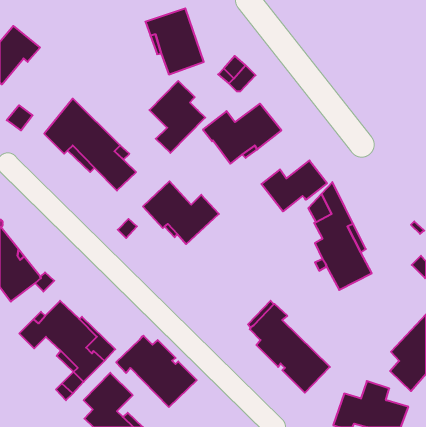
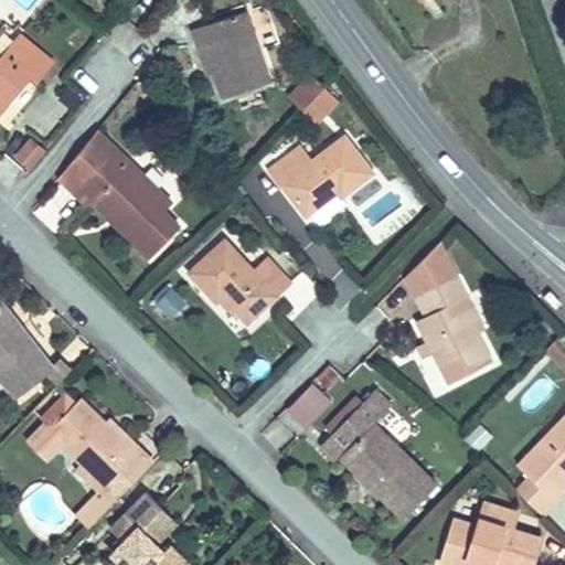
building: [149,81,205,153] -> none
building: [261,160,327,211] -> none
building: none -> [282,383,332,433]
building: [117,336,197,407] -> none

